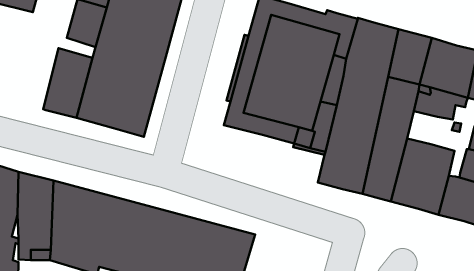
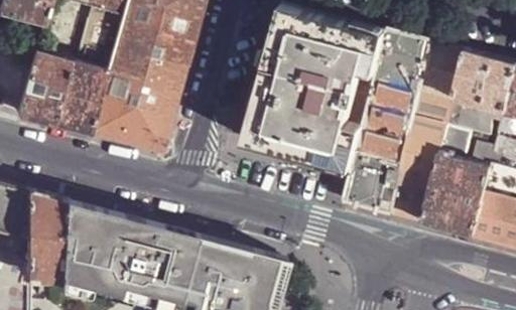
building: none -> [18,52,72,126]
building: none -> [441,128,474,163]

